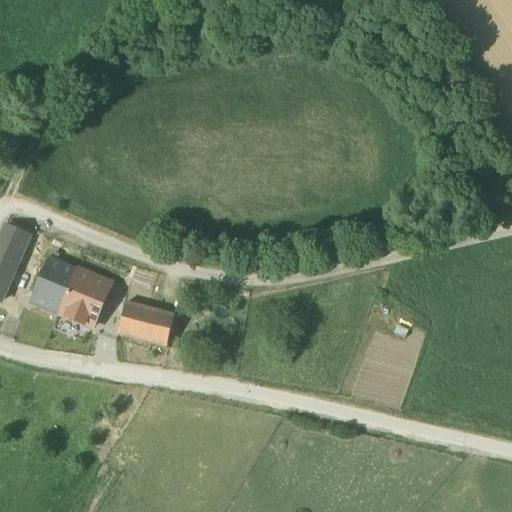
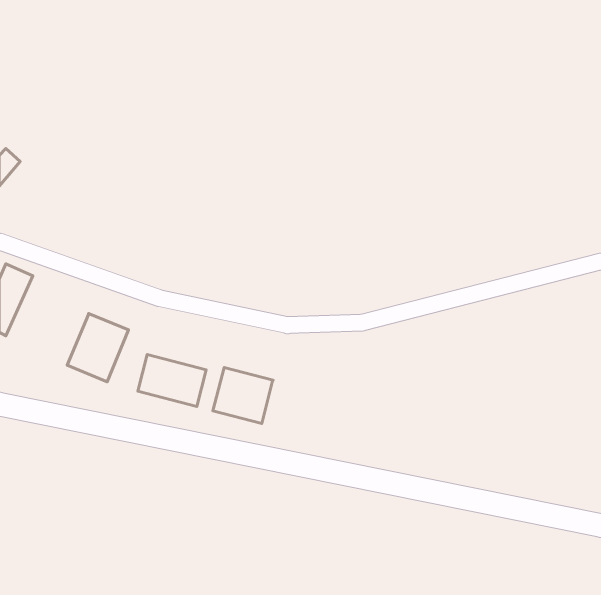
building: [30,256,75,310] -> none
building: none -> [213,368,273,423]

